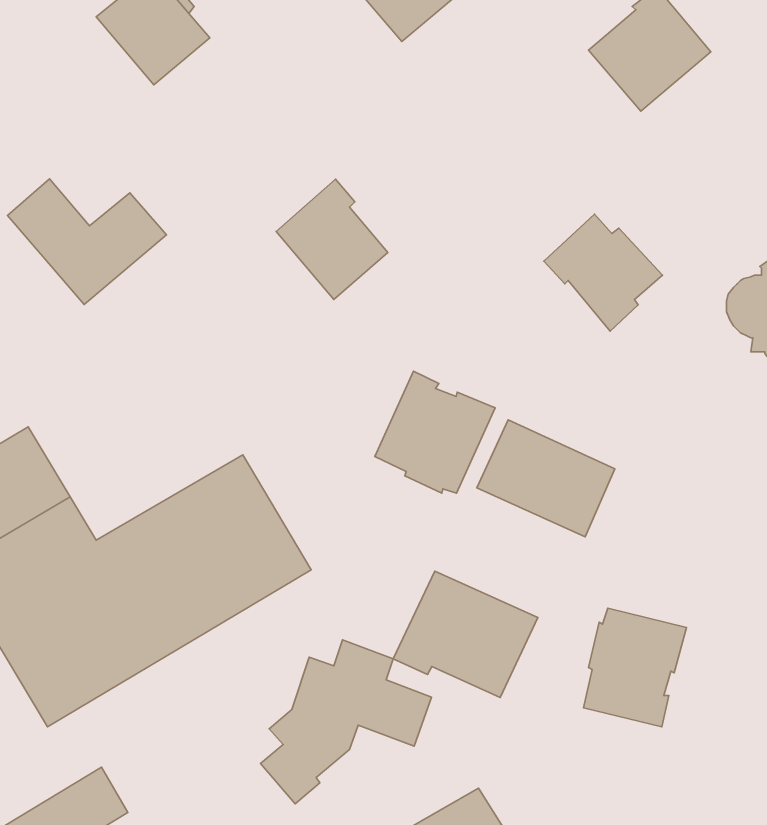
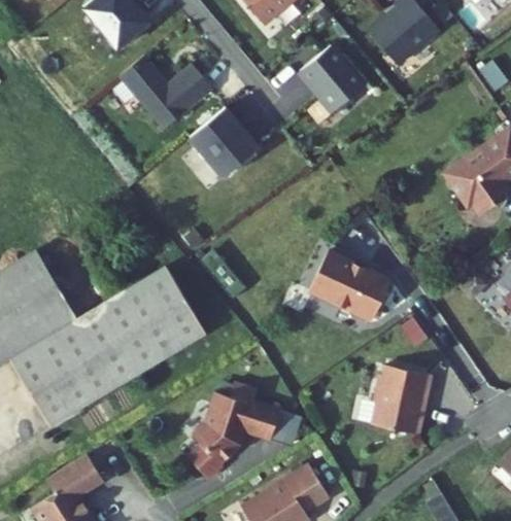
building: [7,179,166,304] -> [118,57,212,131]
building: [544,214,663,331] -> [299,43,369,112]
building: [375,371,495,493] -> none
building: [393,571,538,697] -> none

